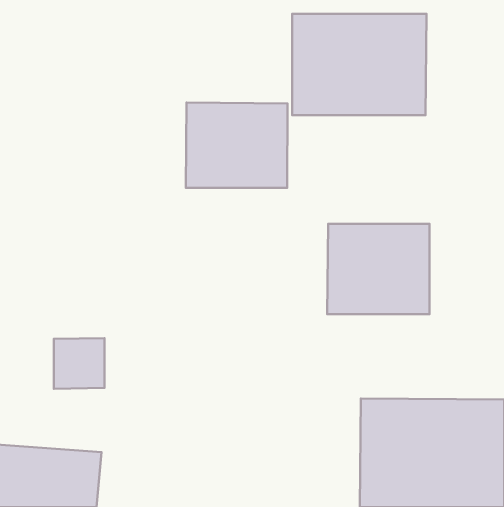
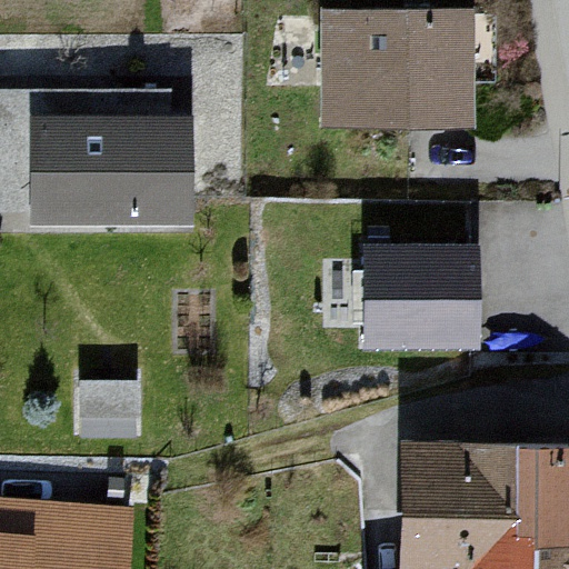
building: none -> [10,98,160,212]
building: [186,103,288,188] -> none

